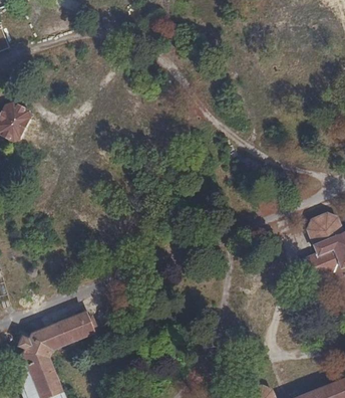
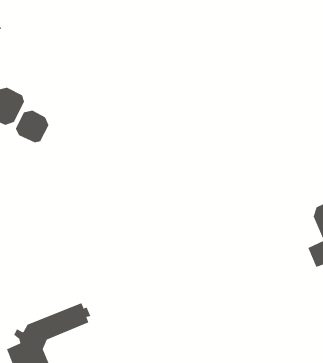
building: none -> [15,110,49,143]

